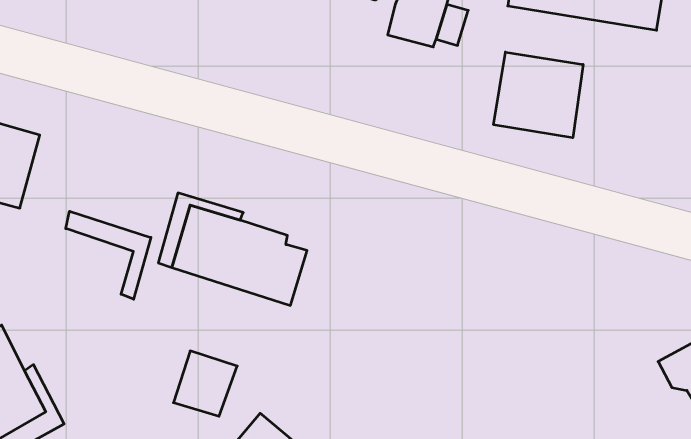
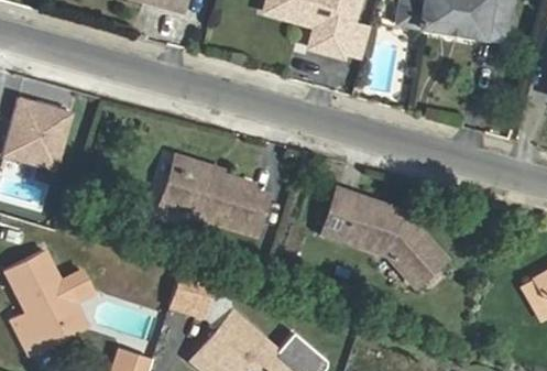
building: [494,52,583,138] -> none
building: [66,211,151,299] -> none
building: none -> [317,190,438,284]

